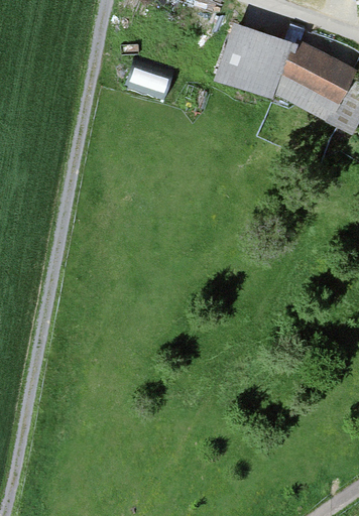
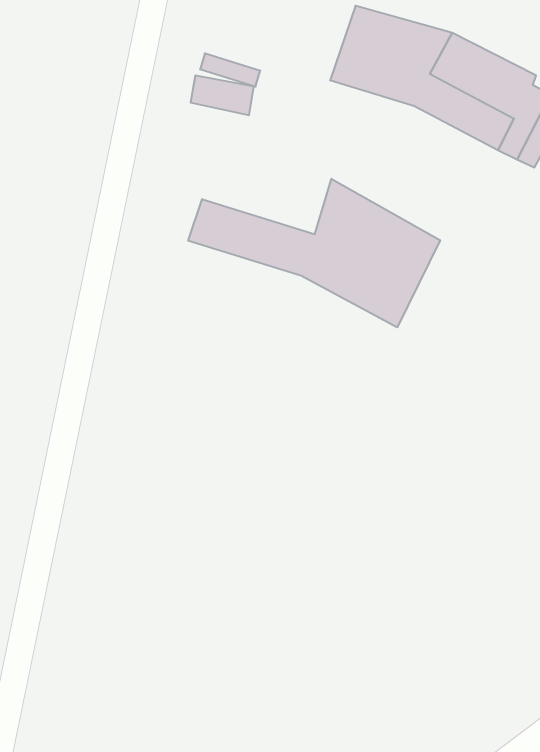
building: none -> [188,179,440,327]

